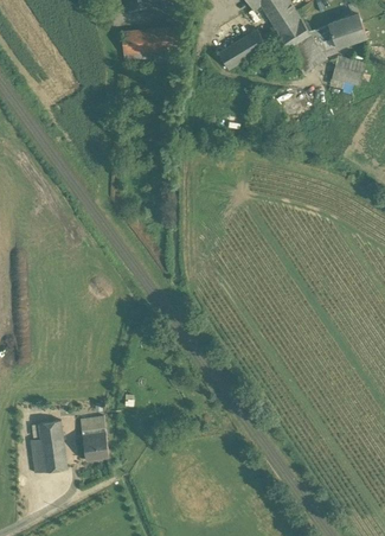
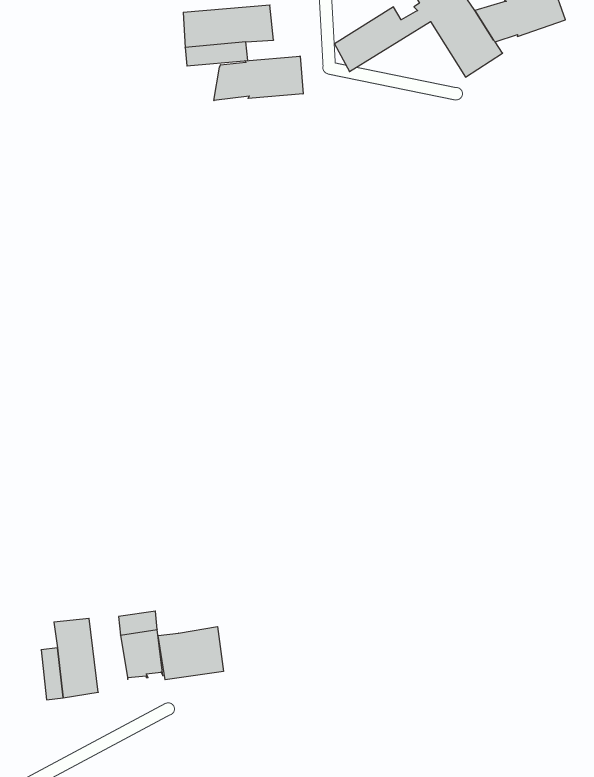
building: [331,56,365,85] -> none
building: none -> [214,56,303,101]
building: none -> [158,627,223,680]

